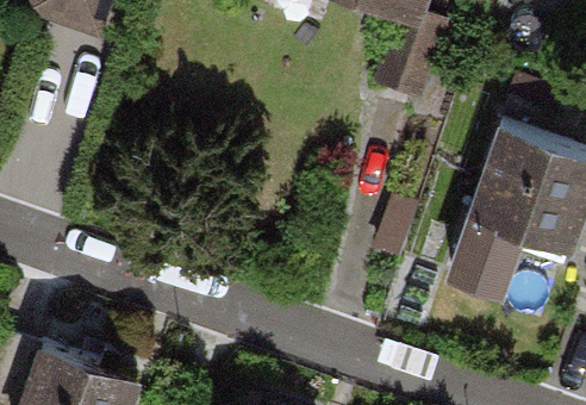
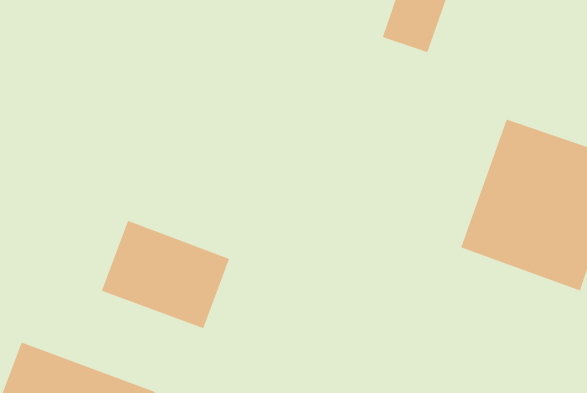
building: none -> [101,220,230,329]

